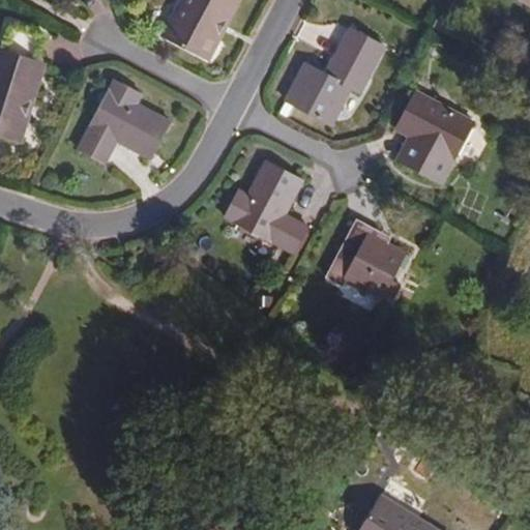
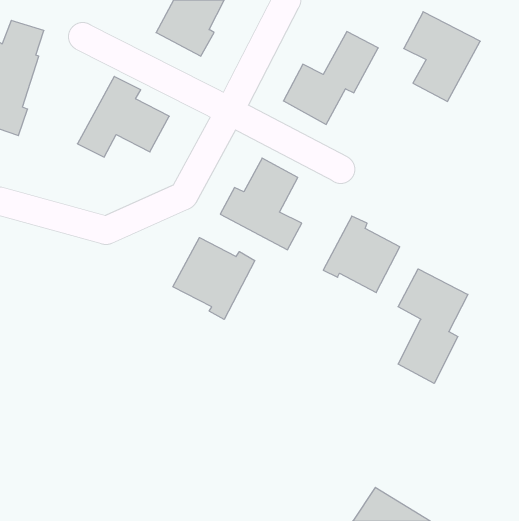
building: [398,92,475,183] -> [404,12,480,101]
building: none -> [173,238,255,319]
building: none -> [398,269,468,383]

